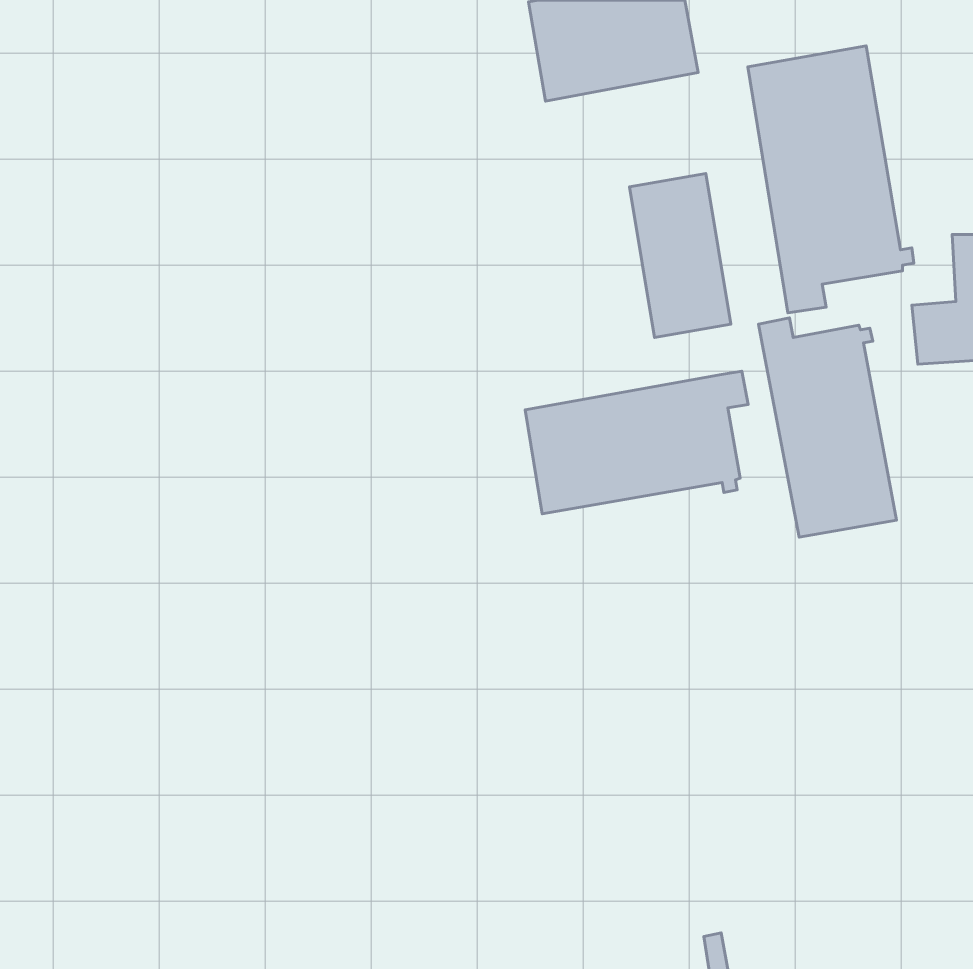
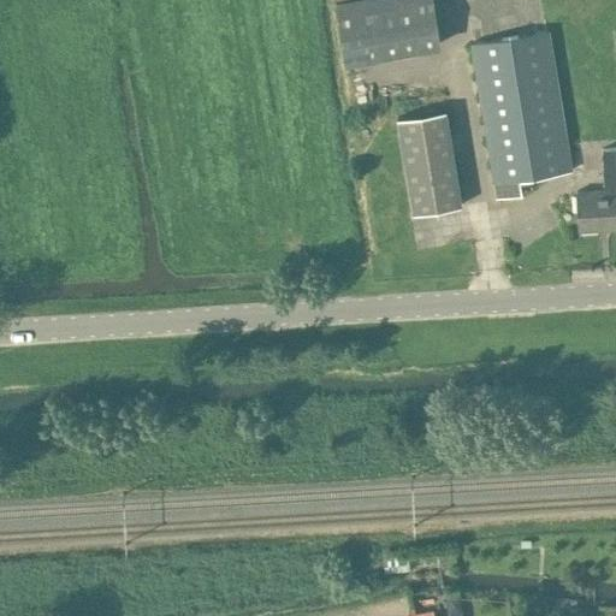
building: [758,318,896,537] -> none
building: [525,371,748,514] -> none

